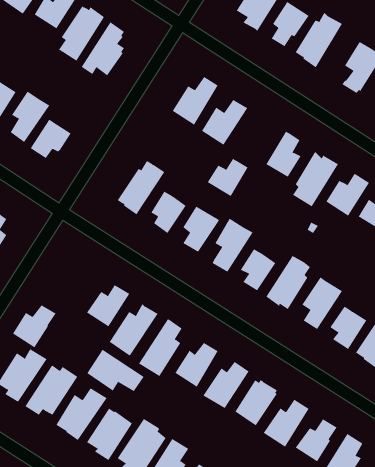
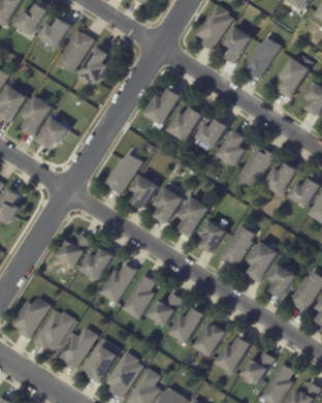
building: [207,158,248,197] -> [197,117,229,147]
building: [12,304,56,348] -> [58,232,92,267]
building: [86,349,145,392] -> none

